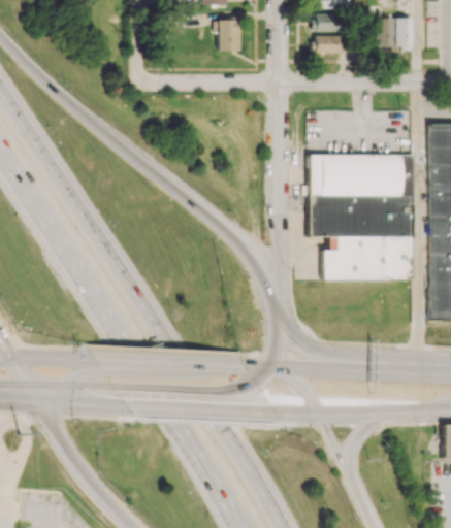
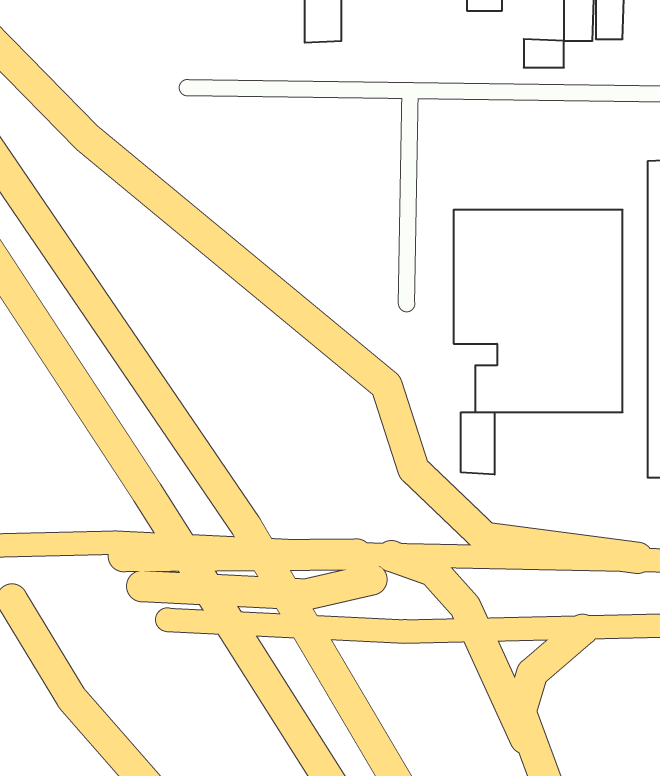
building: [318,34,343,52] -> [524,39,564,68]
building: none -> [461,412,495,475]

